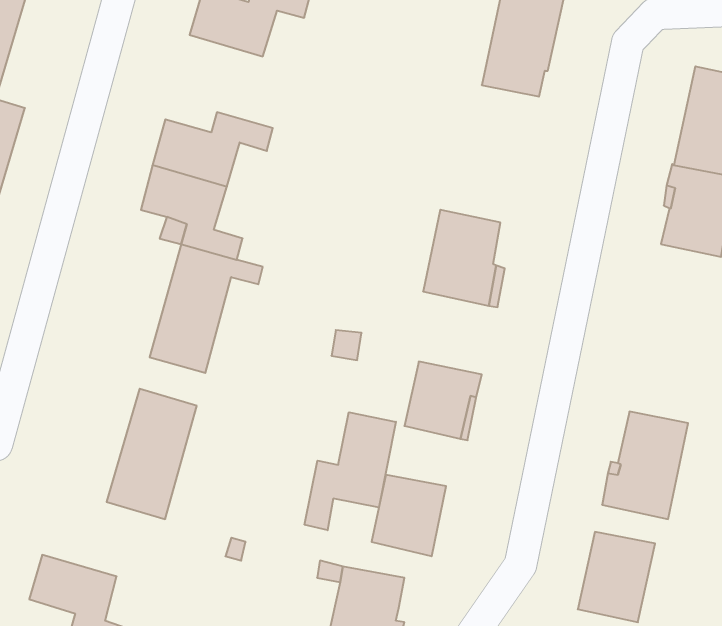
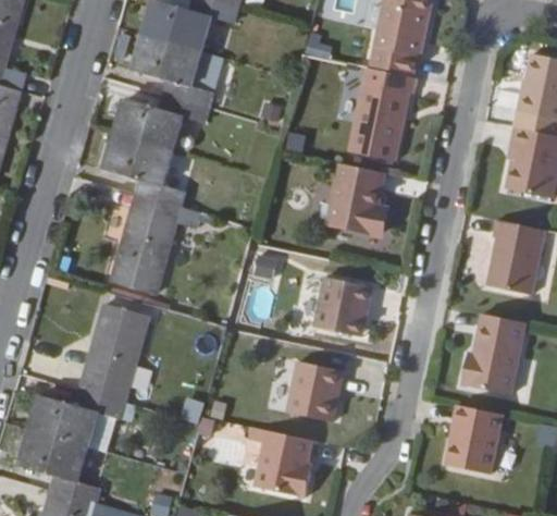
building: none -> [137,29,214,100]
building: none -> [347,66,416,160]
building: none -> [485,221,545,297]
building: [305,412,396,530] -> none
building: none -> [35,384,128,441]

